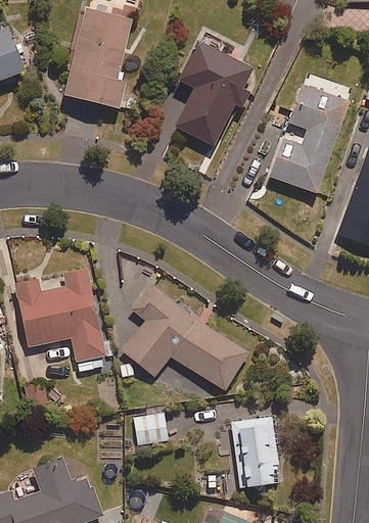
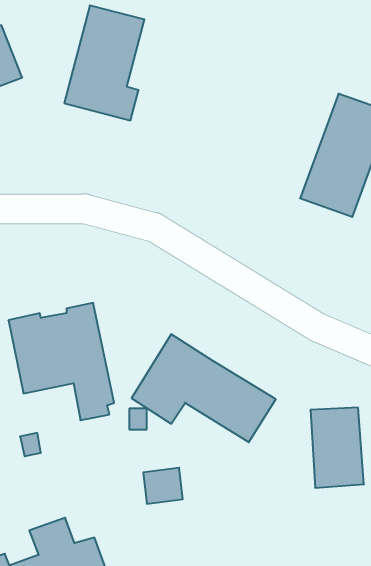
building: [176,28,255,147] -> none
building: [231,419,278,489] -> [310,408,364,488]

